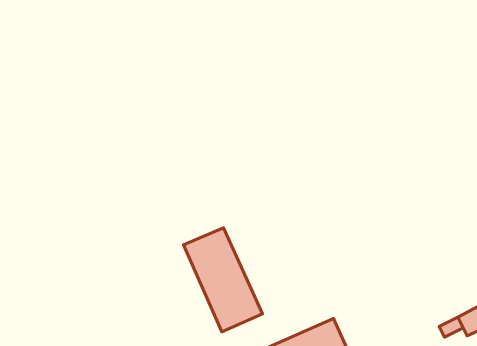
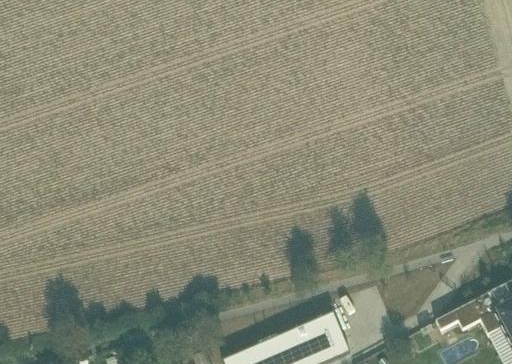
building: [183,228,263,332] -> none

